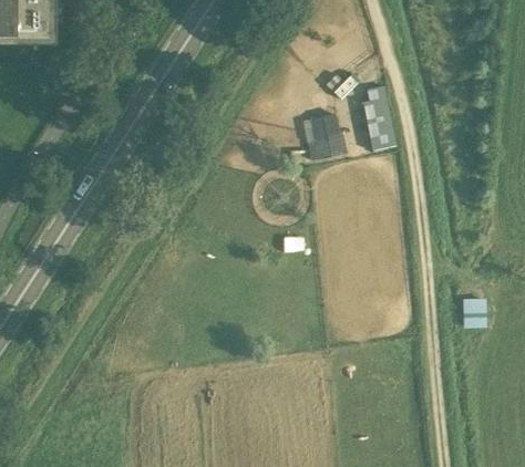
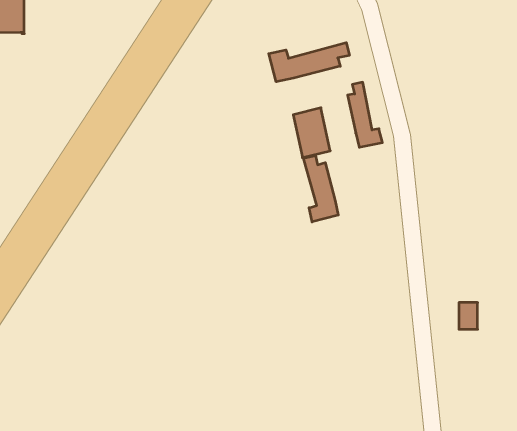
building: none -> [269,43,349,82]
building: none -> [304,155,338,222]

